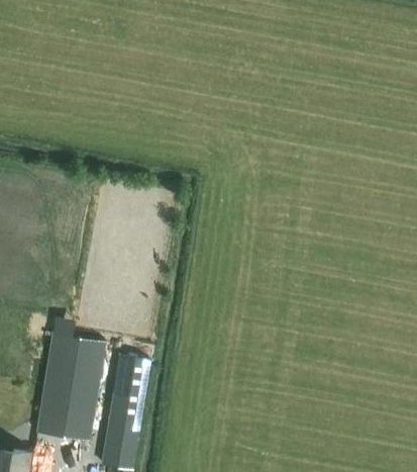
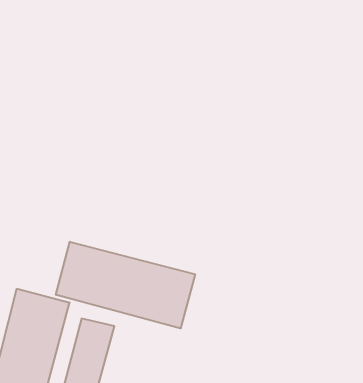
building: none -> [56,242,195,328]

